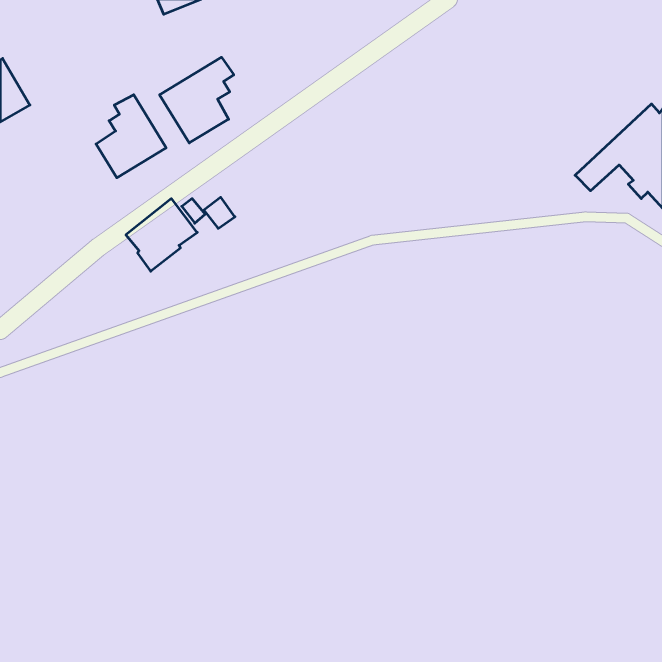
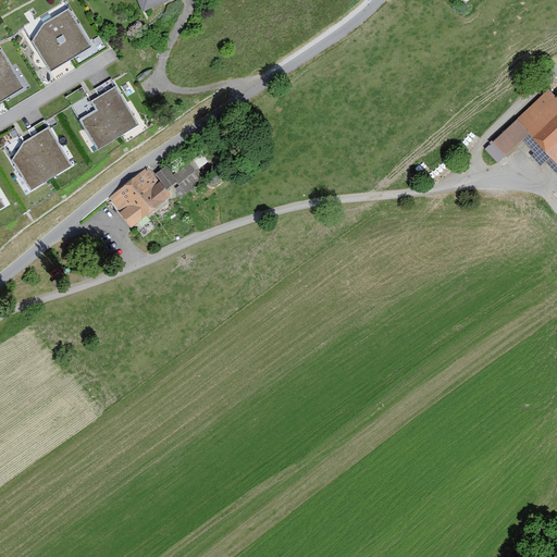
building: none -> [35,8,92,71]
building: [160,57,234,143] -> none
building: none -> [13,121,72,190]

